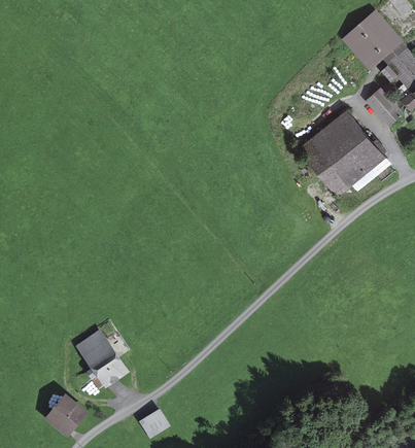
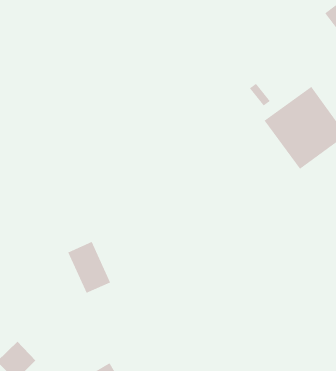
building: [78,333,126,387] -> [67,241,111,294]

